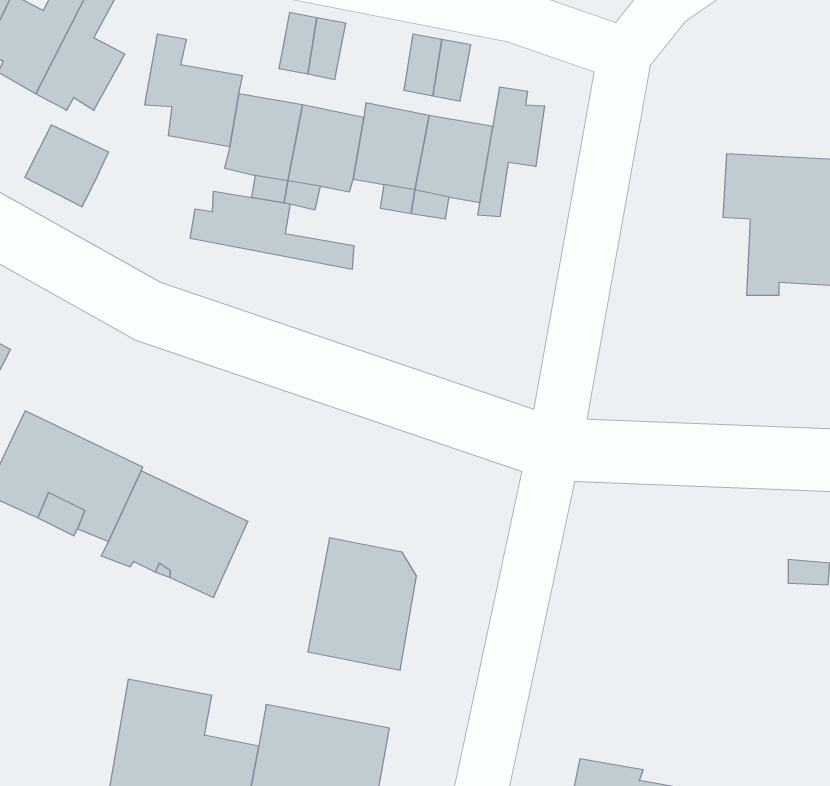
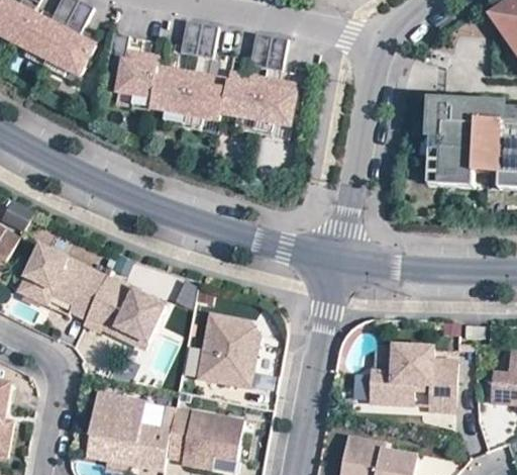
building: [478,87,545,217] -> none
building: [25,125,108,207] -> none
building: [190,191,354,269] -> none
building: none -> [370,345,455,411]

